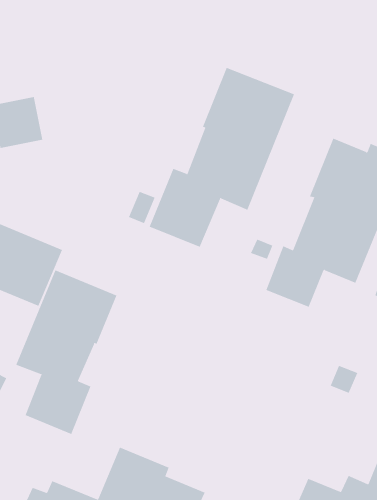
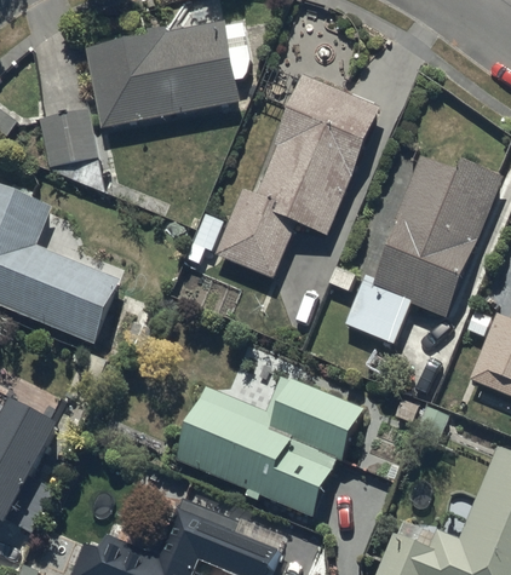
building: none -> [86,19,239,126]
building: [16,269,117,435] -> none
building: none -> [176,375,362,514]

